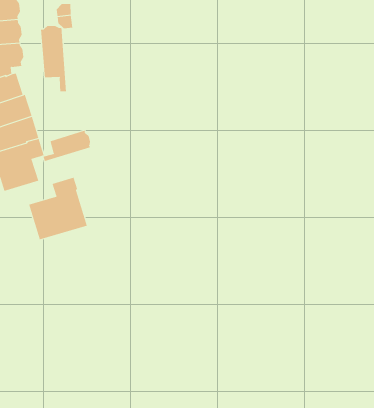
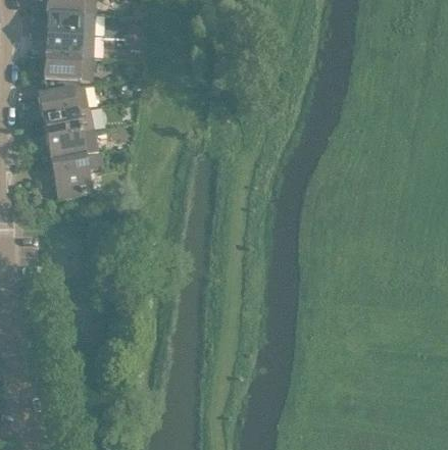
building: [40,25,67,92] -> none
building: [43,130,91,162] -> none
building: [29,177,88,240] -> none

